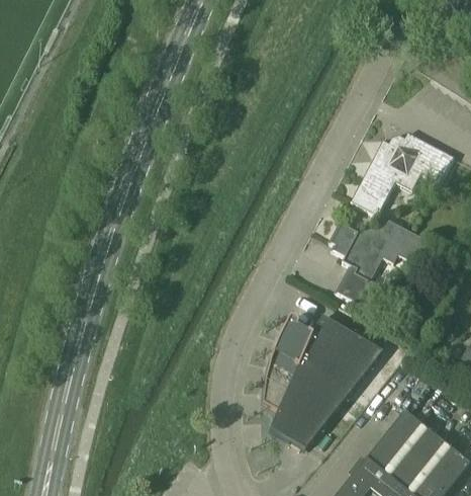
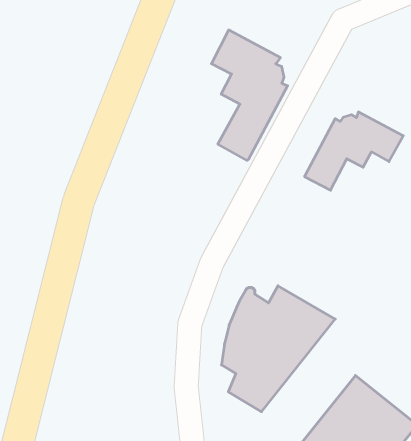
building: none -> [211,30,288,160]
building: [328,217,426,305] -> none

